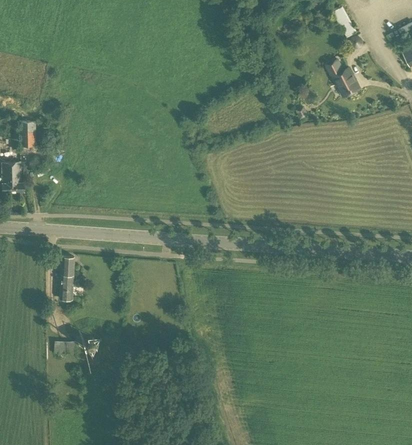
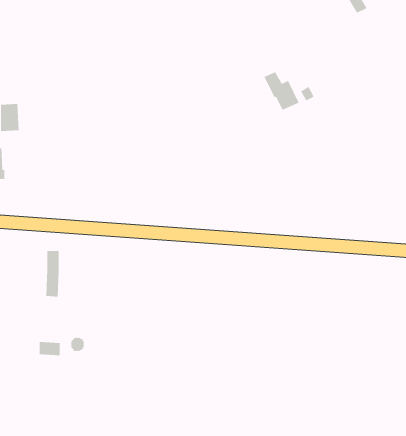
building: [325,59,358,95] -> [264,71,299,110]

